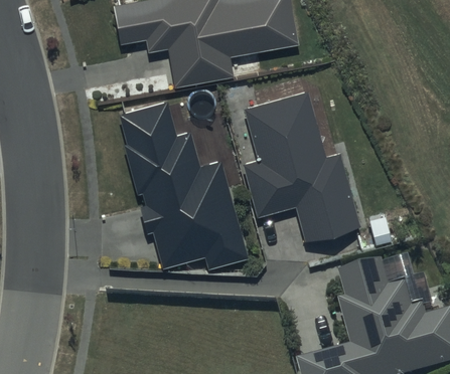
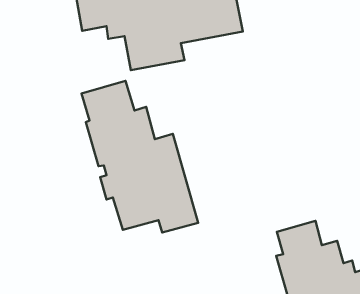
building: [242,90,360,243] -> none

